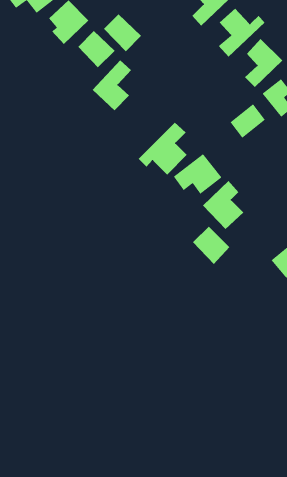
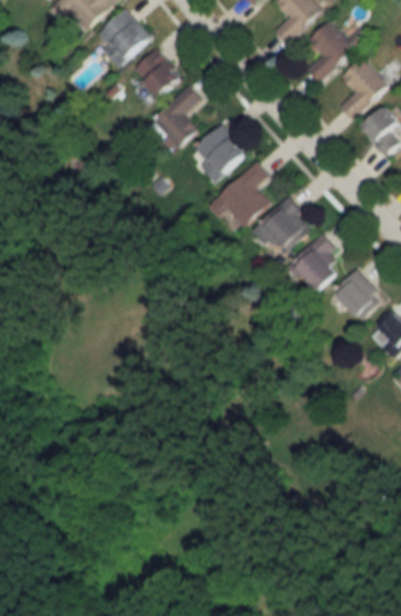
building: [103,14,142,52] -> none
building: none -> [194,125,246,182]
building: [229,103,266,139] -> none
building: [192,226,230,265] -> [335,271,382,319]

